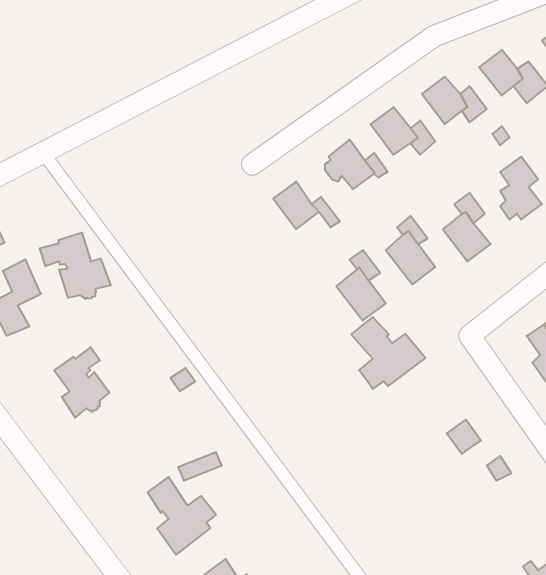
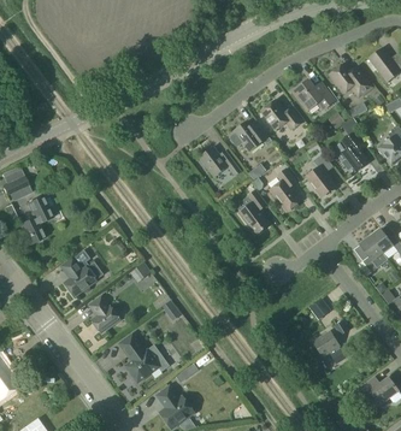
building: [40,233,111,299] -> none
building: [351,317,425,389] -> none
building: none -> [89,297,119,333]
building: none -> [313,331,350,364]

